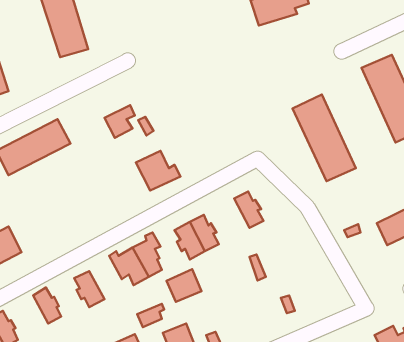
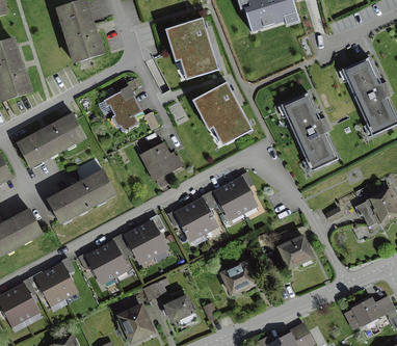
building: none -> [167,15,226,80]
building: none -> [100,81,137,113]
building: none -> [198,81,257,144]
building: none -> [48,171,112,220]
building: none -> [215,185,242,217]
building: none -> [280,236,311,266]
building: none -> [100,242,126,274]
building: [166,269,201,302] -> [221,263,253,292]
building: none -> [36,271,63,303]

